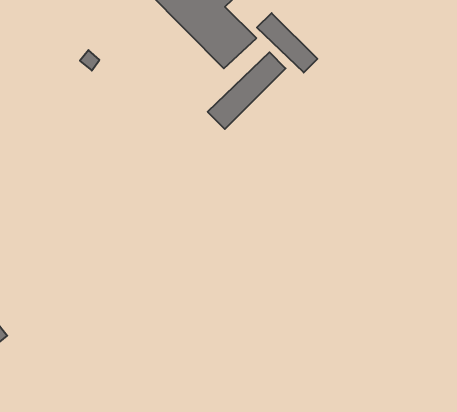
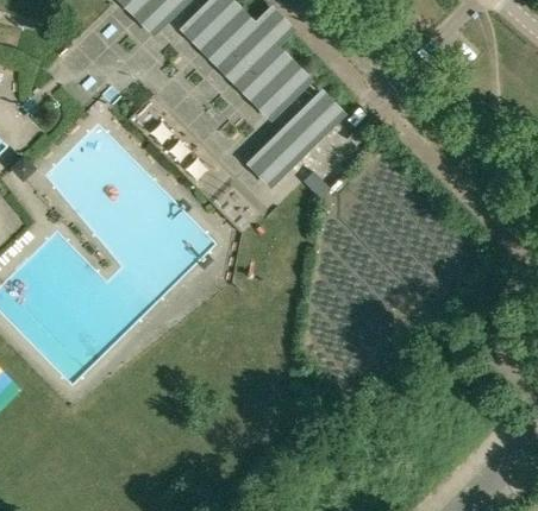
building: [257,13,317,73] -> none

